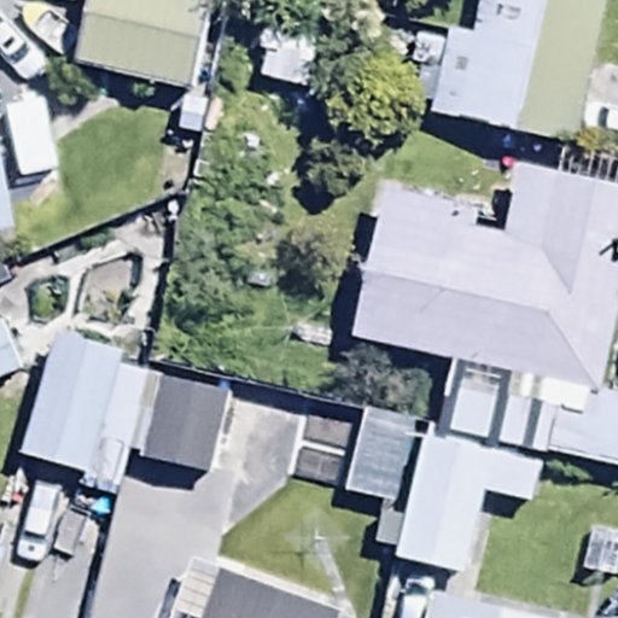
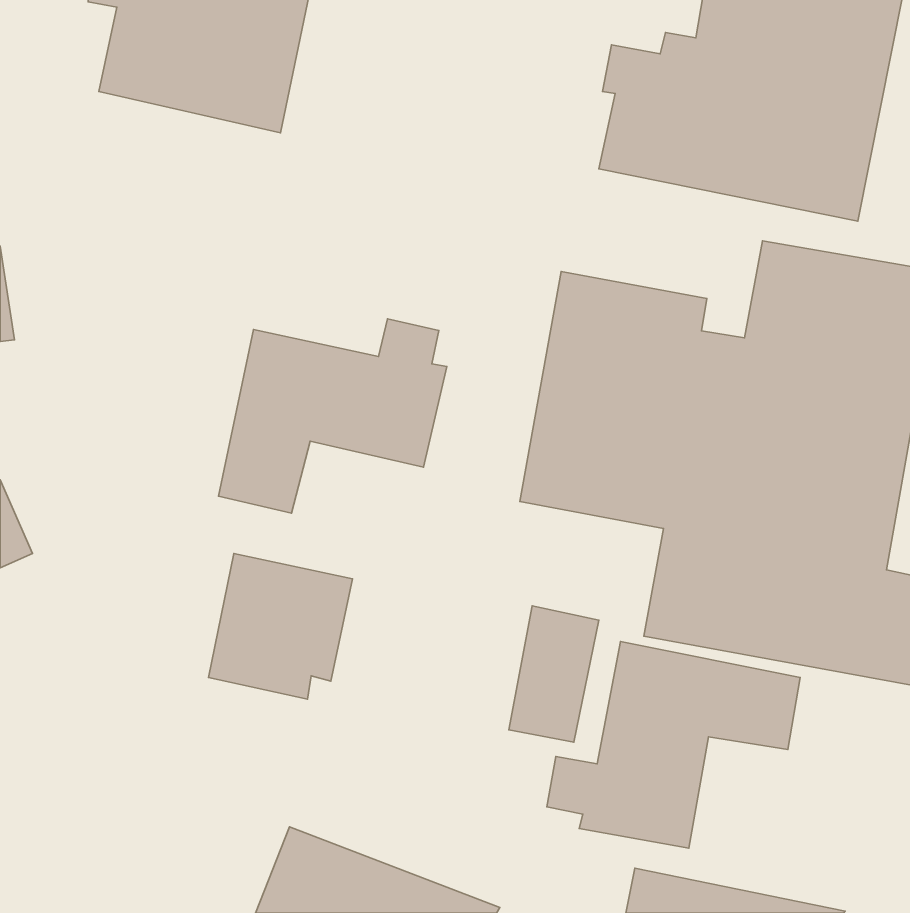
building: none -> [218,319,447,513]
building: [21,328,150,494] -> none

